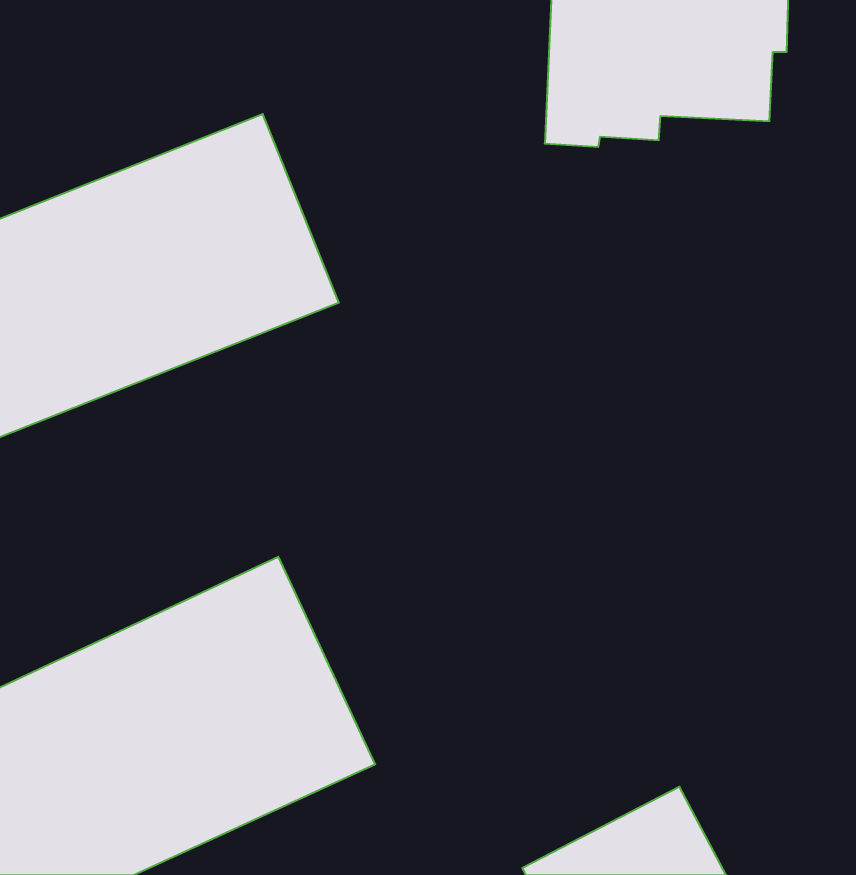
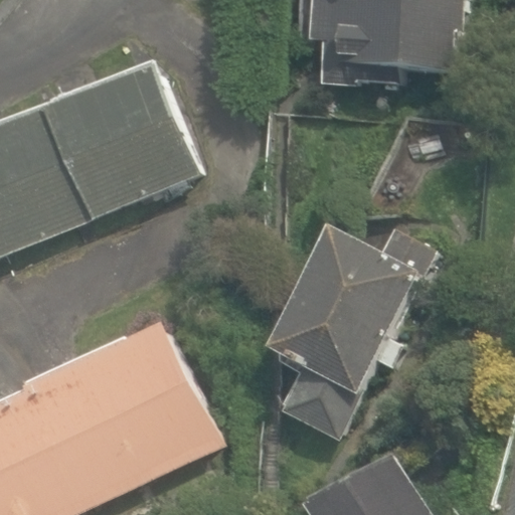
building: none -> [276,229,433,439]

